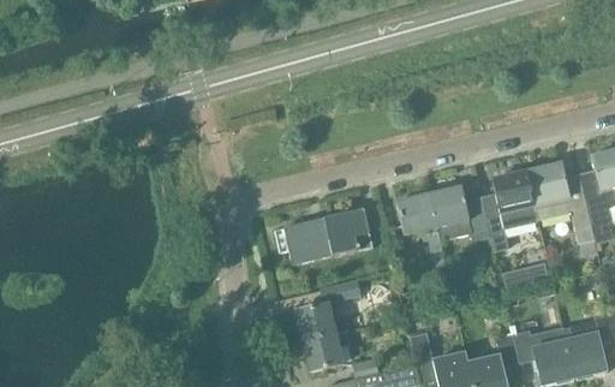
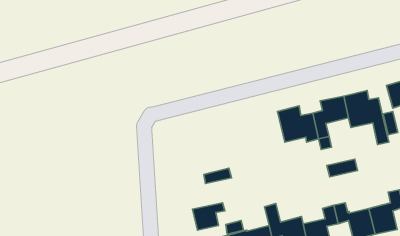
building: [396,195,446,270] -> none
building: [274,209,372,264] -> none
building: [295,303,348,340] -> none

